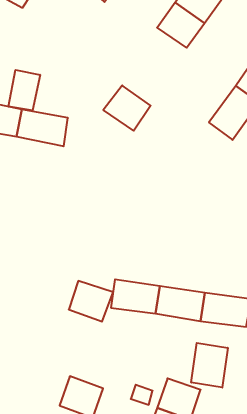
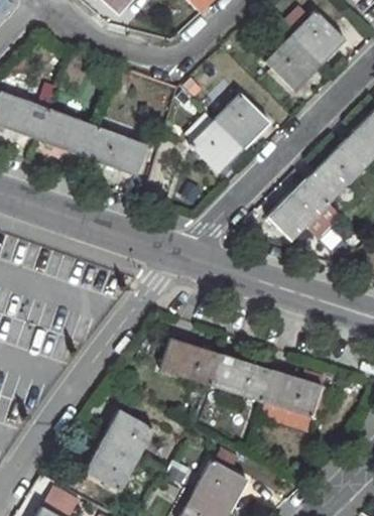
building: none -> [216,95,269,148]
building: [8,70,40,111] -> none
building: none -> [269,178,330,240]
building: [69,281,113,322] -> [101,408,154,459]
building: [191,343,228,388] -> none

